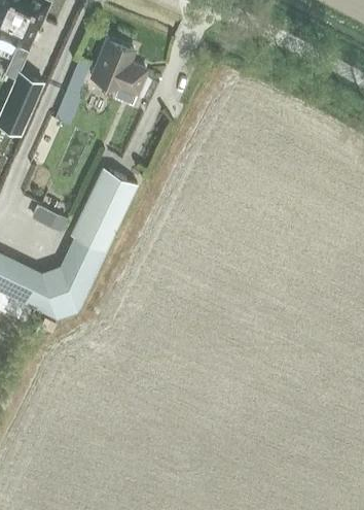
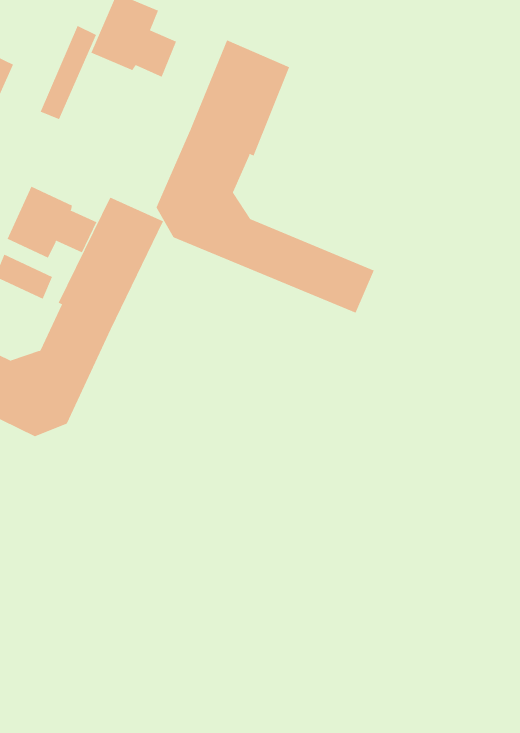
building: none -> [156,40,374,313]
building: none -> [7,186,97,259]

